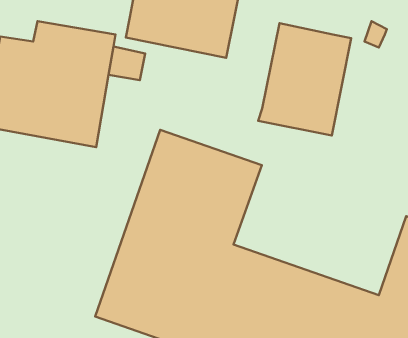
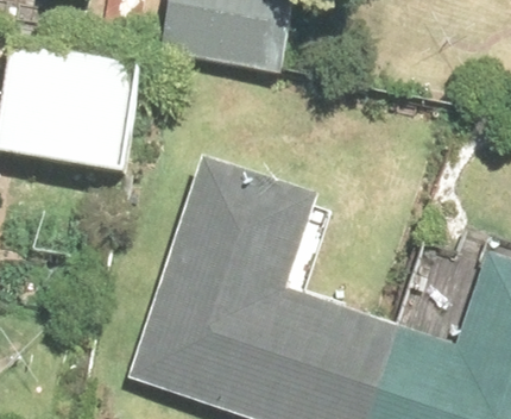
building: [258,23,351,136] -> none

